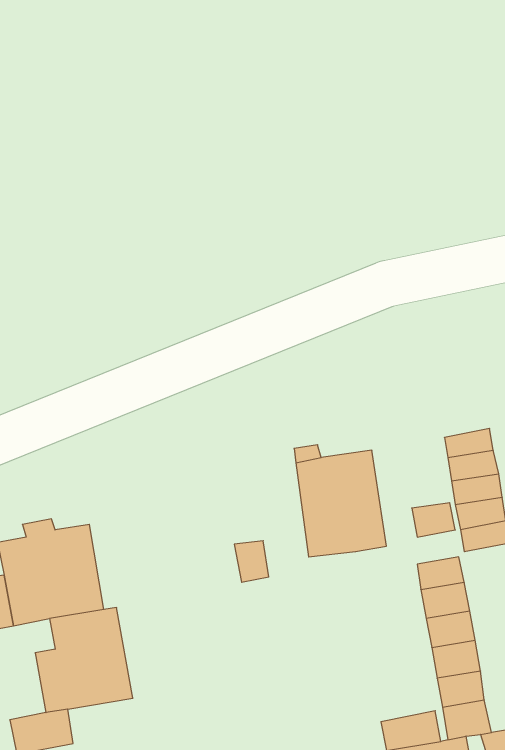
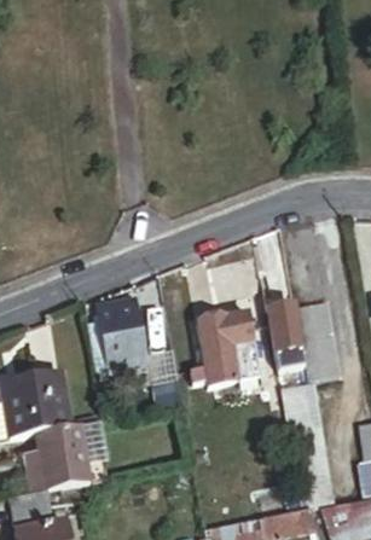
building: none -> [99,304,143,372]
building: none -> [267,308,301,356]

